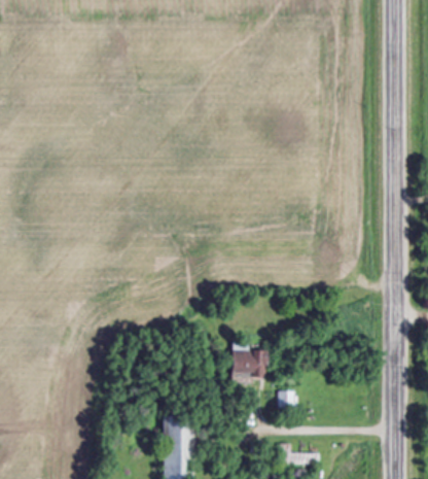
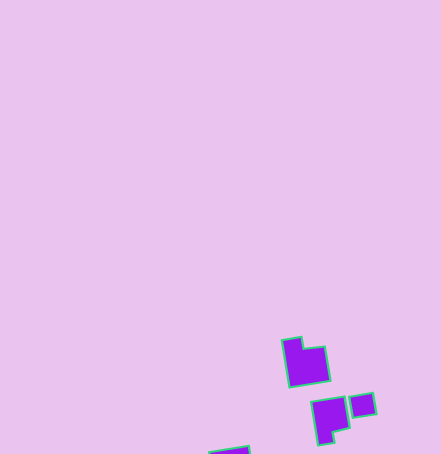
building: none -> [311,396,350,446]

